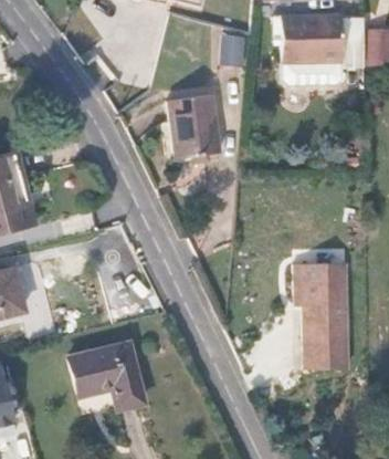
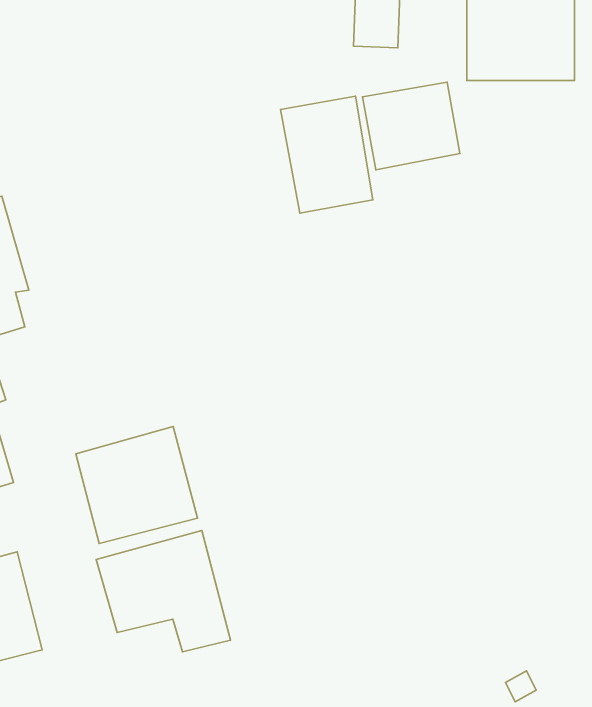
building: none -> [363,82,460,170]
building: [294,259,346,363] -> none
building: none -> [76,426,197,543]

